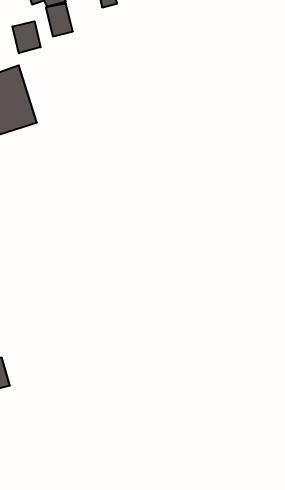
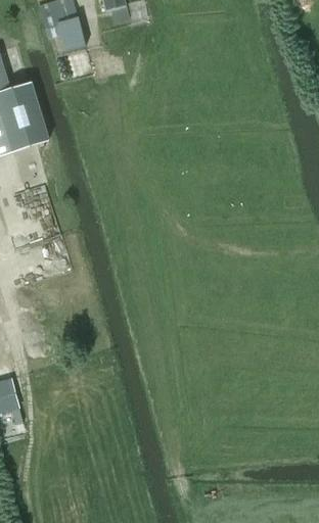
building: [12,21,41,53] -> none

